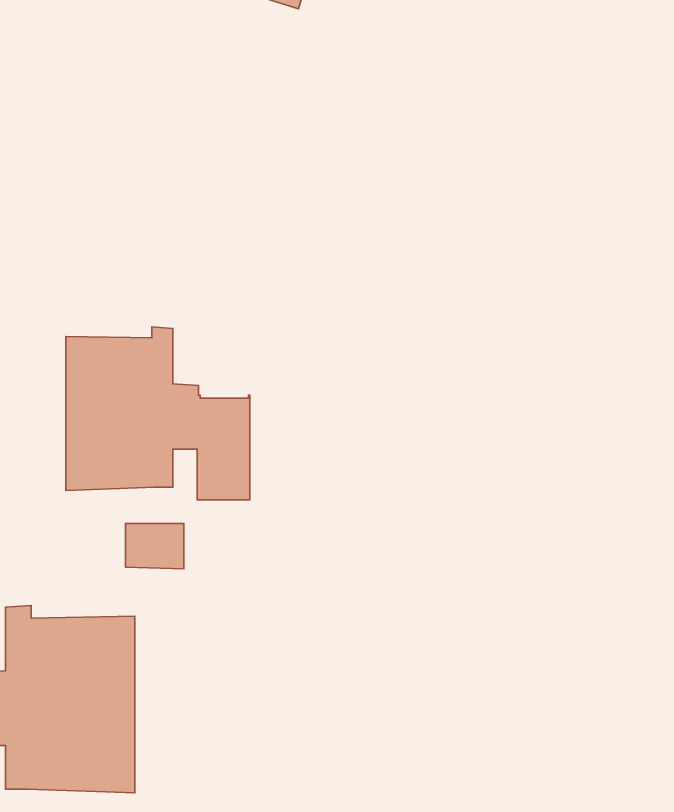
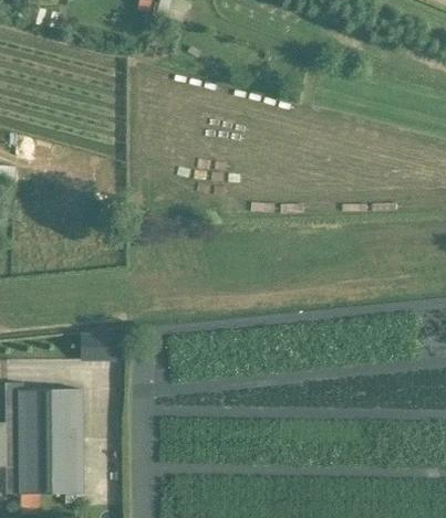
building: [66,327,250,500] -> none

